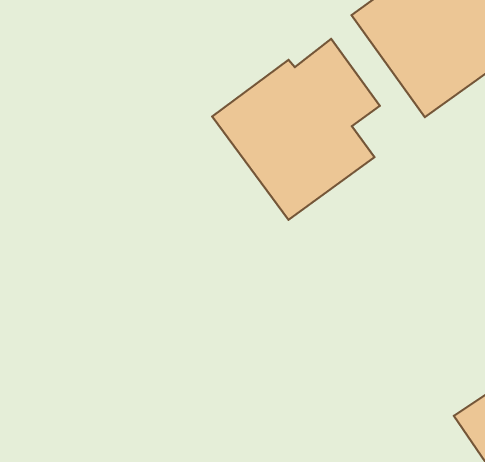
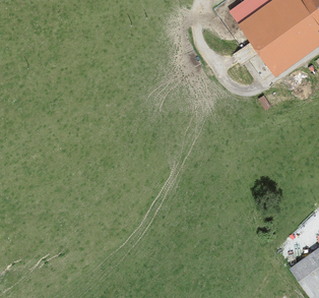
building: [212,39,380,220] -> none

